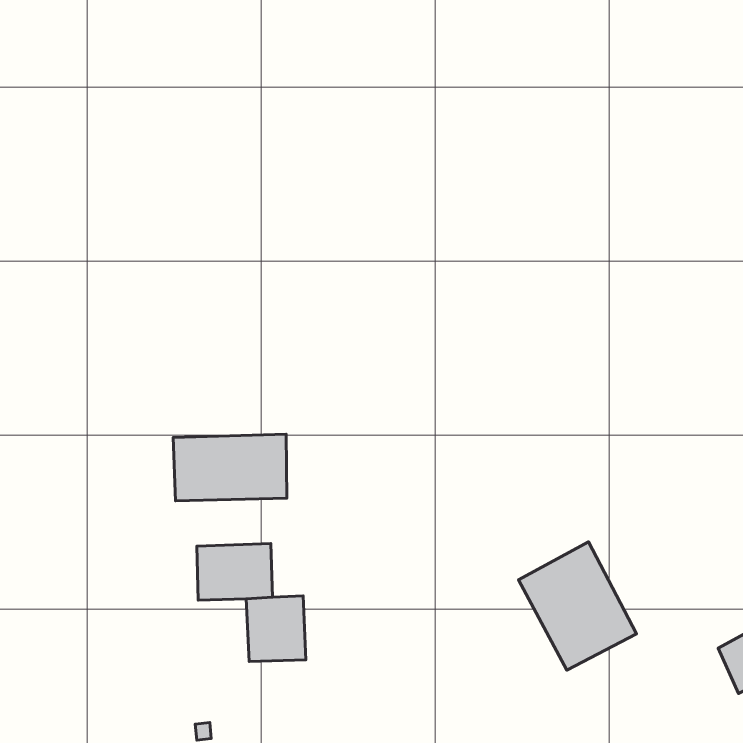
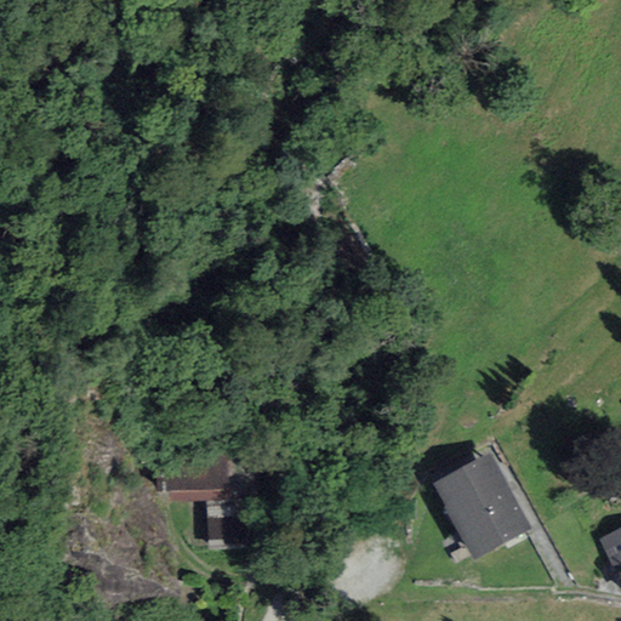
building: [173,434,287,501] -> none

